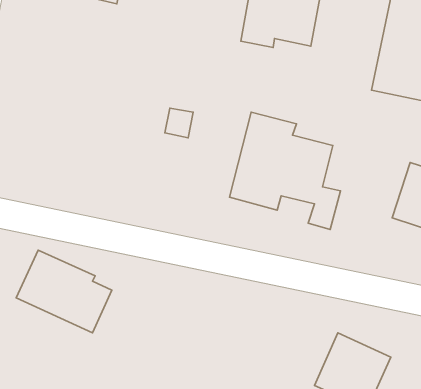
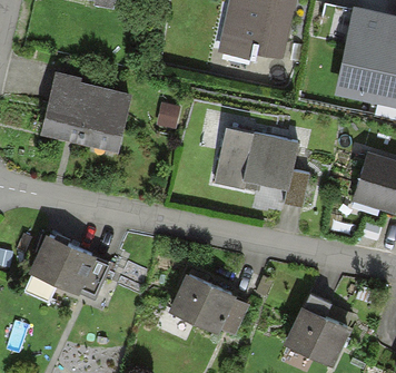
building: none -> [38,70,131,155]
building: none -> [170,271,249,336]

